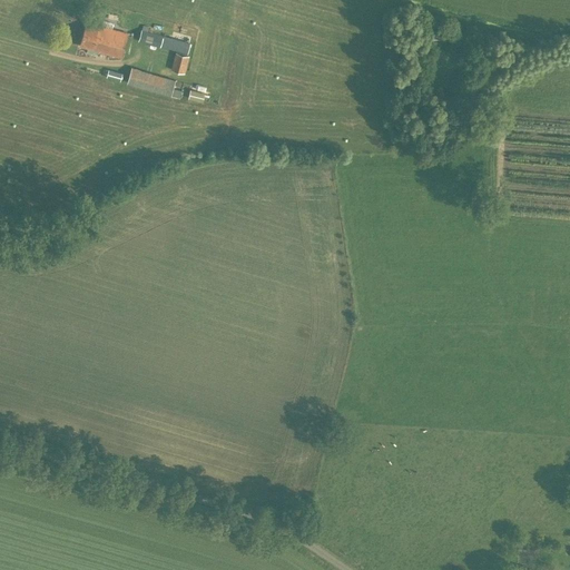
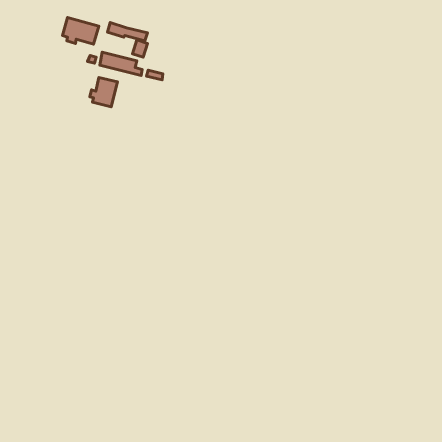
building: none -> [90,77,118,107]

